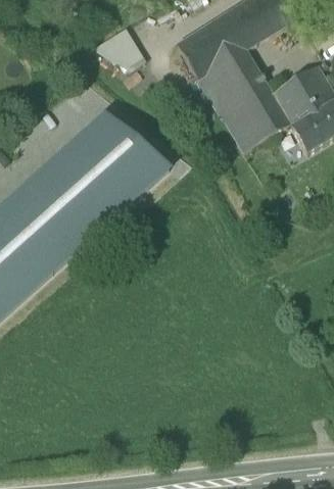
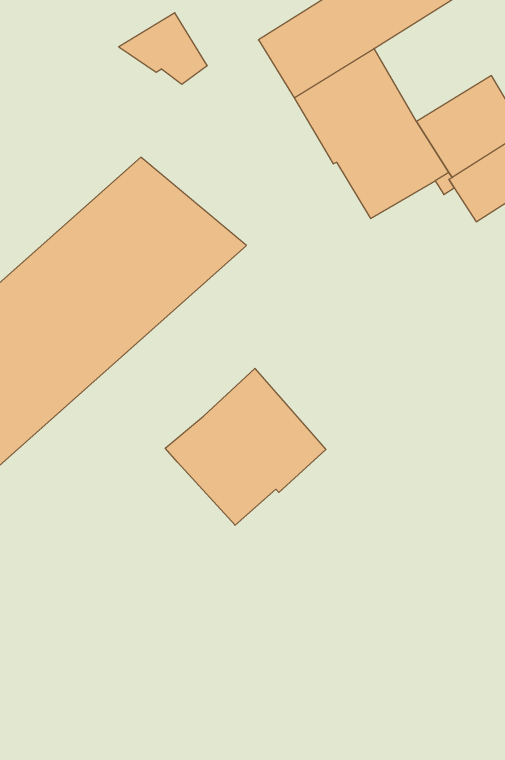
building: none -> [165,368,326,525]

